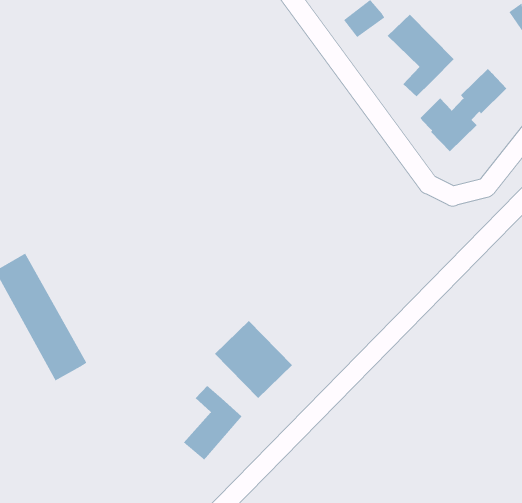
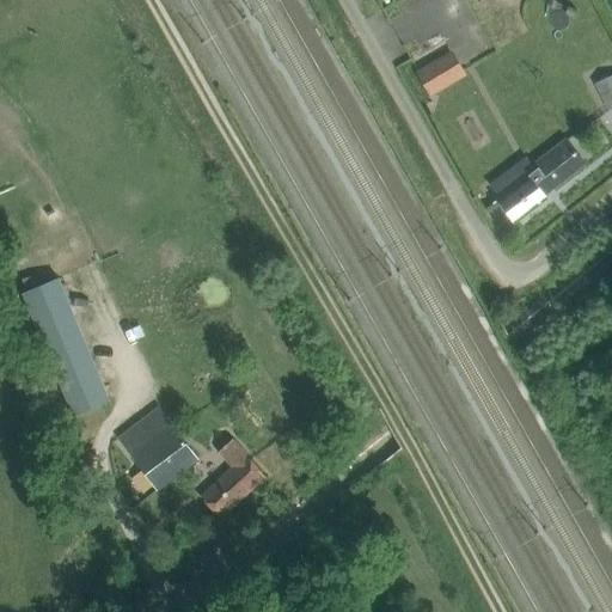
building: [387,14,455,97] -> none
building: [214,320,293,399] -> [116,405,197,489]

